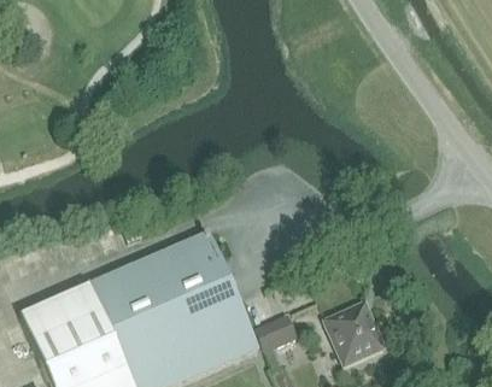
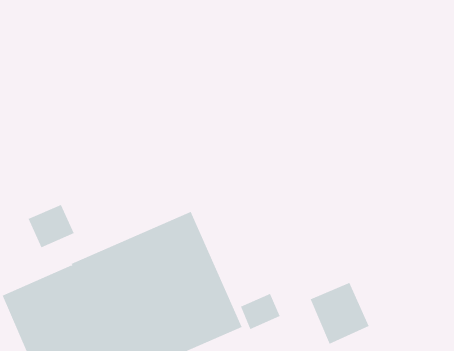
building: none -> [28,204,74,248]

